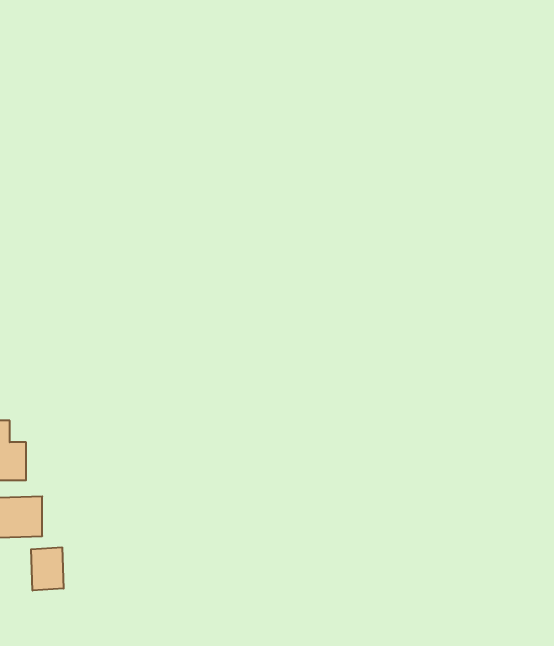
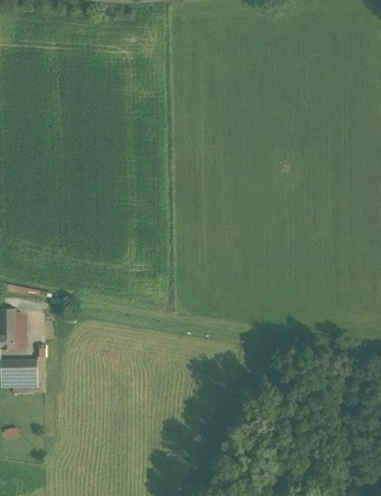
building: [31,547,64,591] -> none

